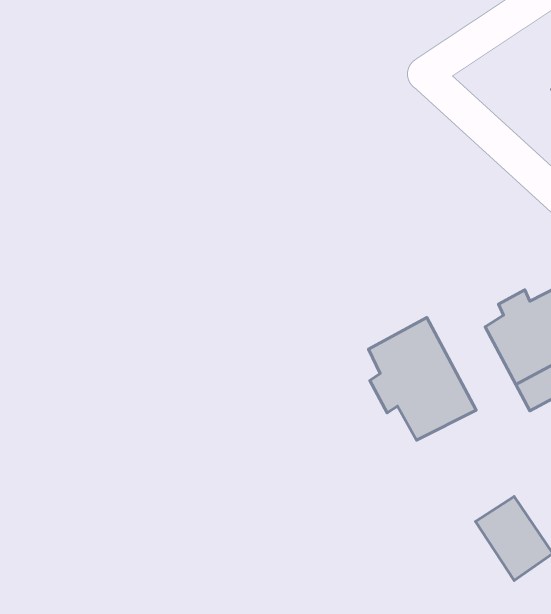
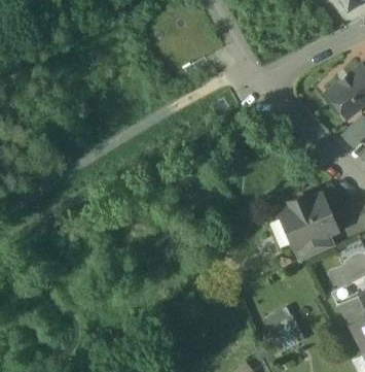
building: [369,318,476,440] -> none

